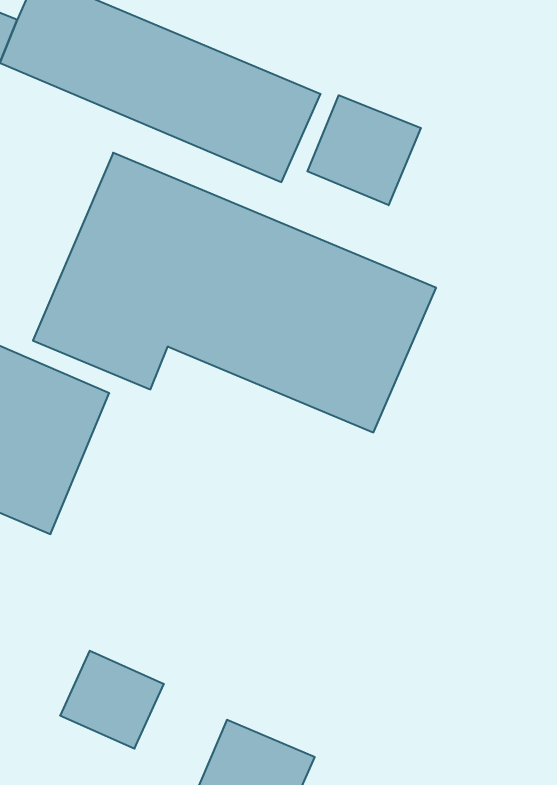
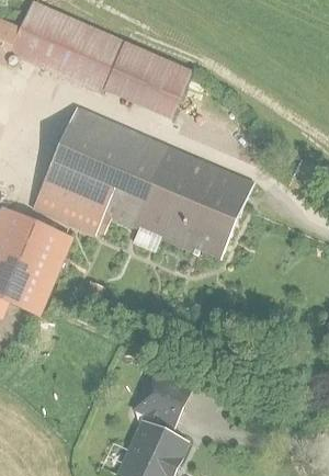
building: [307,95,421,205] -> none
building: [60,651,164,749] -> [129,372,188,427]

